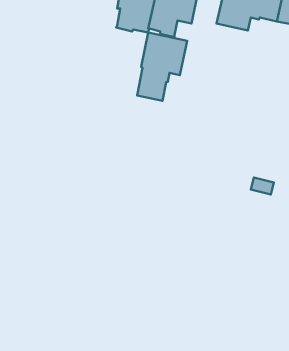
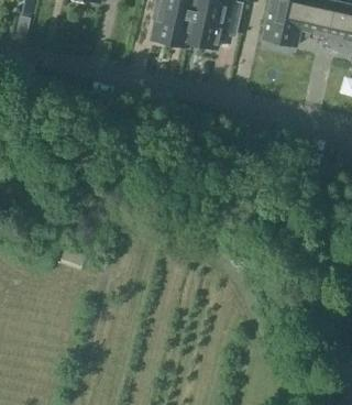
building: [137,33,187,101] -> none

